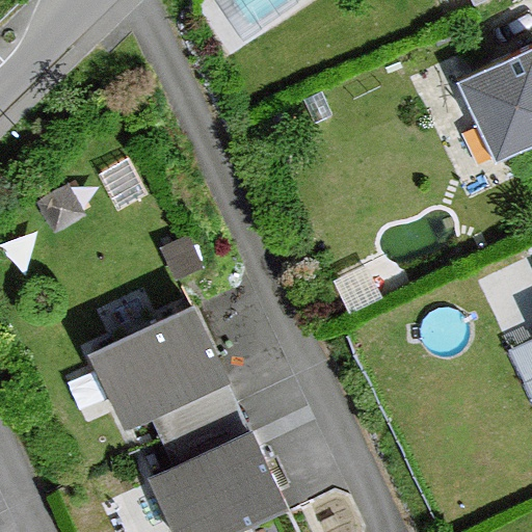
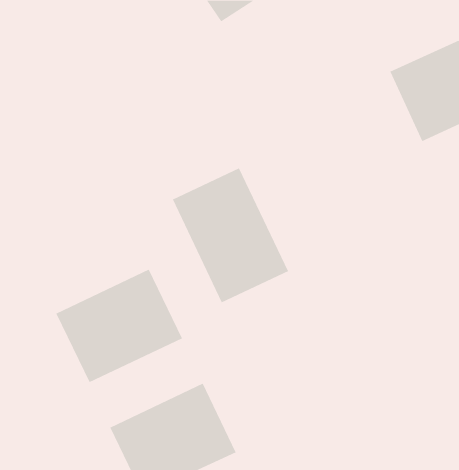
building: none -> [172,168,289,303]

